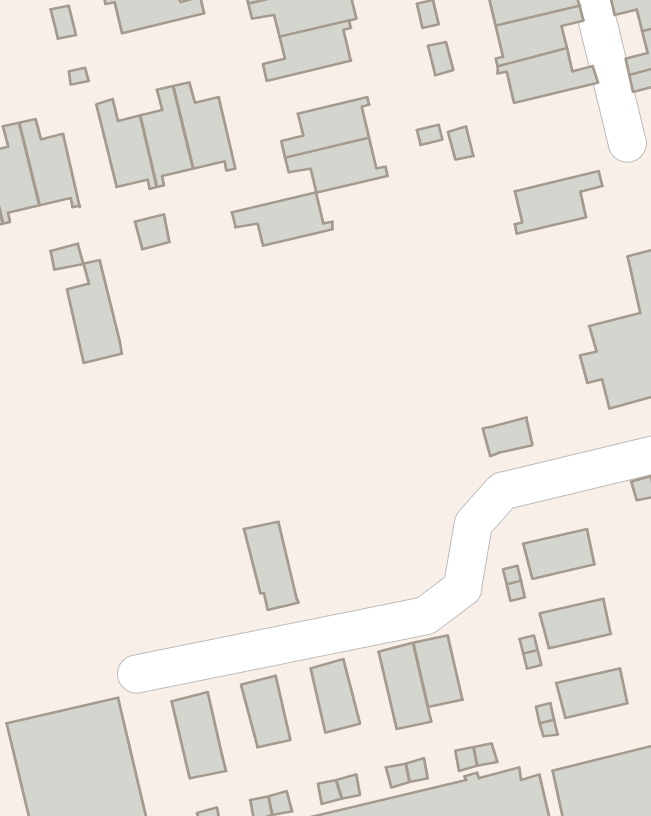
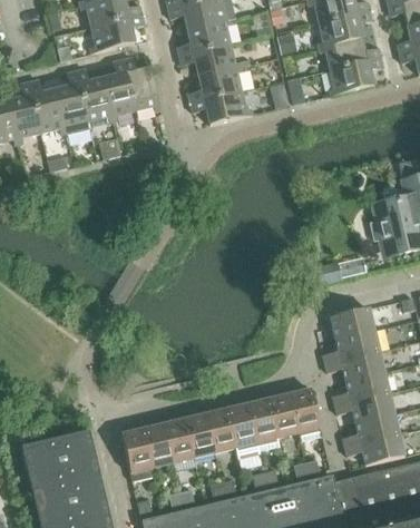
building: none -> [90,16,145,53]
building: [515,171,603,234] -> [330,58,383,96]
building: [232,192,333,246] -> [179,45,241,77]
building: [67,260,122,363] -> [56,71,89,134]
building: none -> [331,309,374,339]
building: [244,522,299,610] -> [226,404,260,458]
building: none -> [341,351,384,381]
building: none -> [290,389,322,441]
building: none -> [351,393,394,423]
building: none -> [185,414,215,458]
building: none -> [144,424,174,468]
building: none -> [361,436,404,466]

